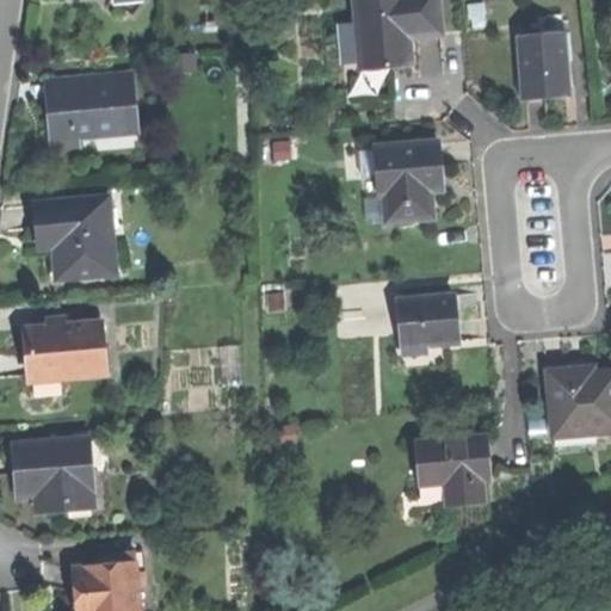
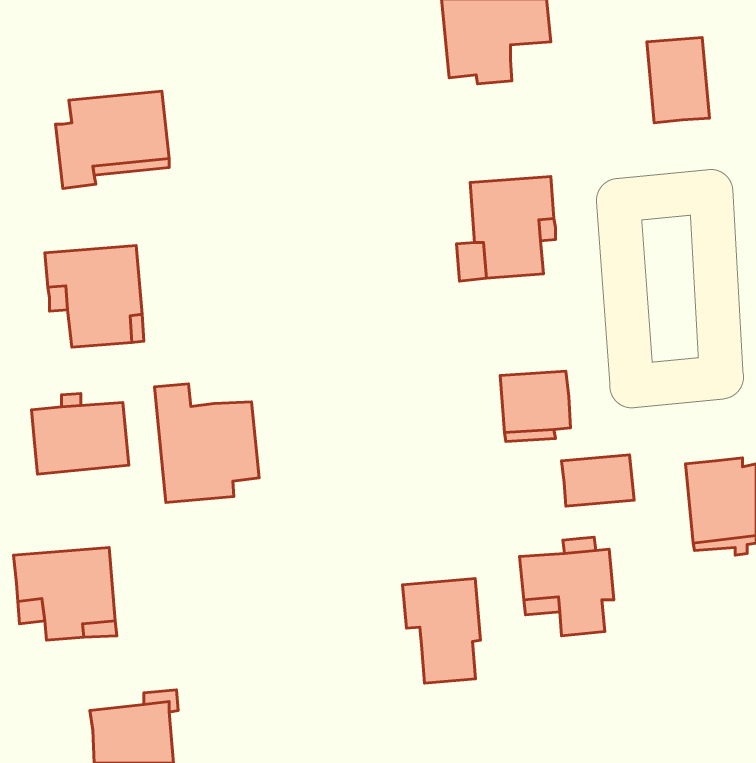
building: none -> [155,384,259,502]
building: none -> [561,455,634,506]
building: none -> [402,578,481,683]

